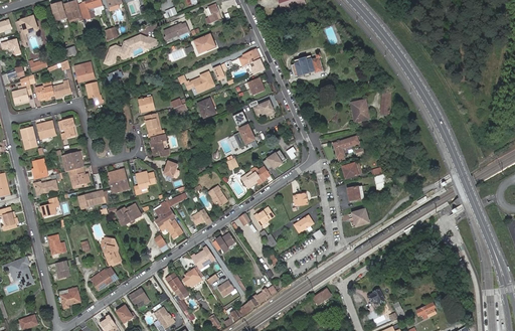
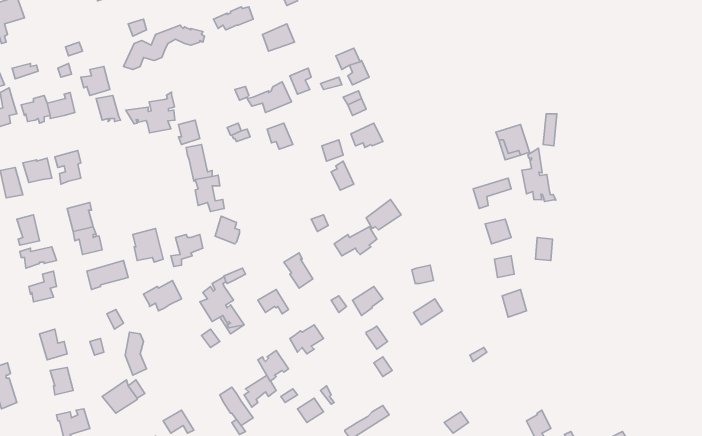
building: [292,52,323,75] -> none
building: none -> [126,92,175,133]
building: none -> [522,148,556,201]

